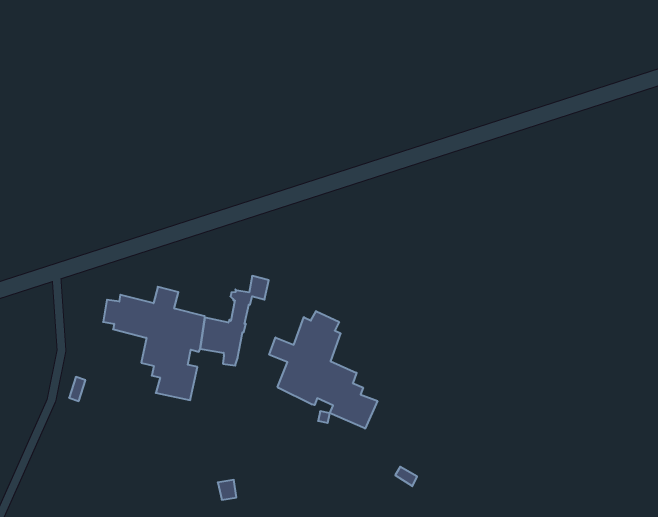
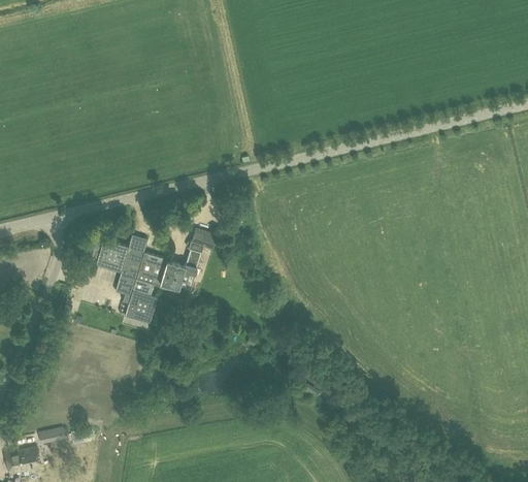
building: [269,311,377,429] -> none

